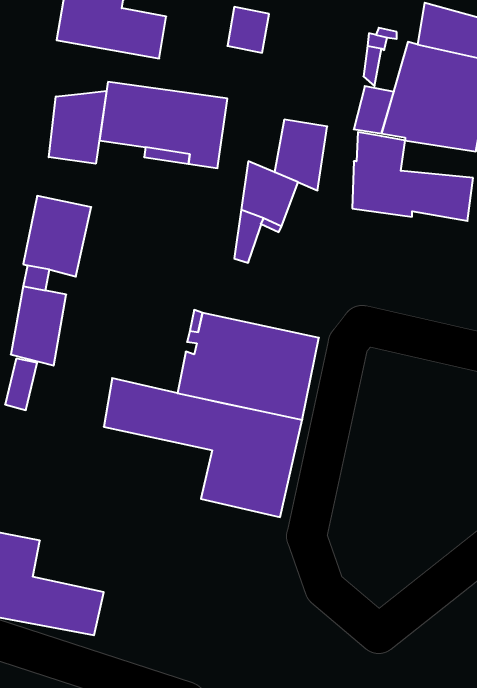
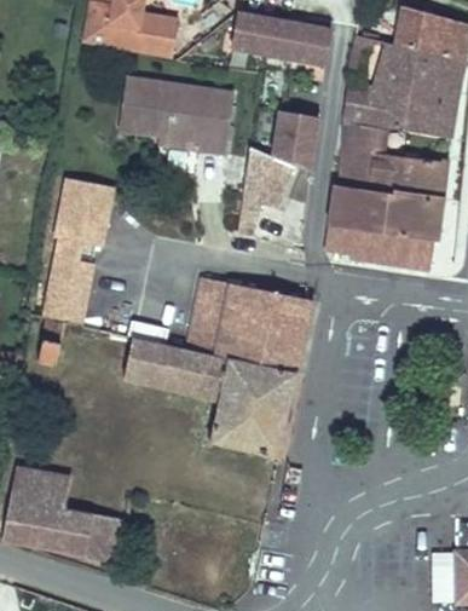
building: none -> [262,18,330,64]
building: [49,91,107,164] -> none
building: none -> [327,186,441,269]

